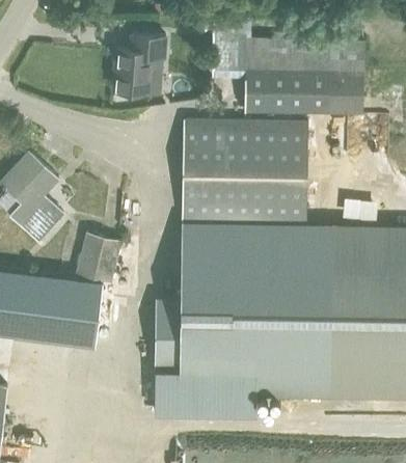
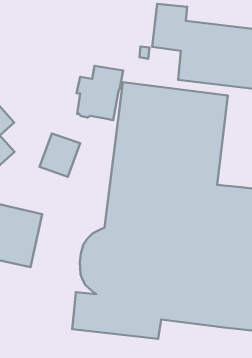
building: [114,36,166,98] -> [77,66,123,120]
building: [77,236,121,284] -> [40,133,80,177]

